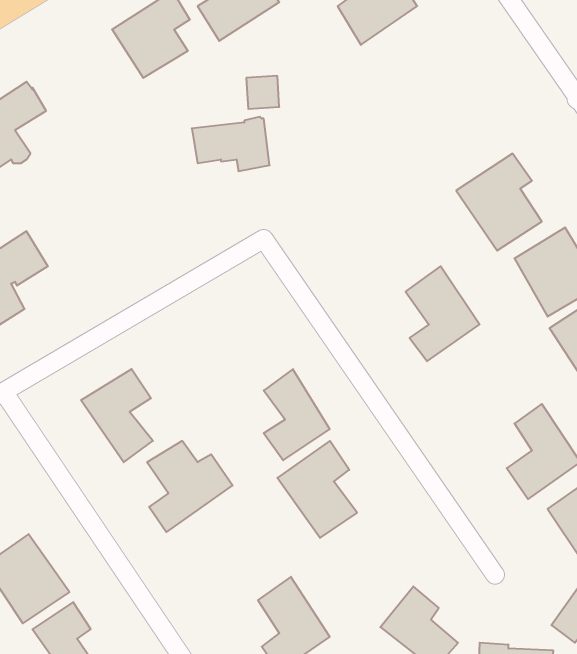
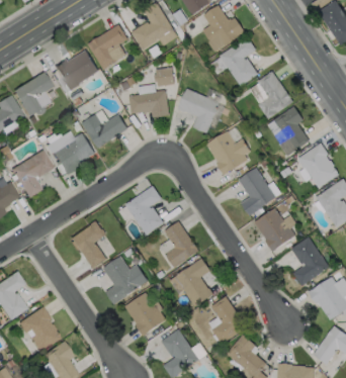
building: none -> [222,36,258,85]
building: none -> [53,50,97,90]
building: none -> [260,73,294,118]
building: none -> [178,88,221,132]
building: none -> [80,113,126,148]
building: none -> [206,131,251,175]
building: none -> [52,132,94,174]
building: none -> [125,185,164,233]
building: none -> [254,211,297,257]
building: none -> [123,292,165,336]
building: none -> [212,296,247,343]

